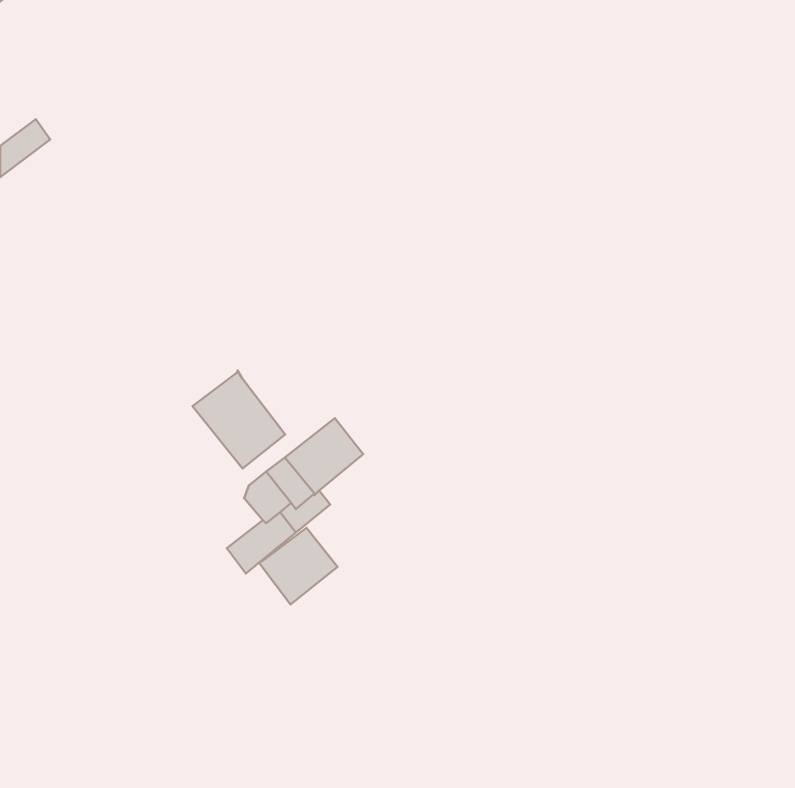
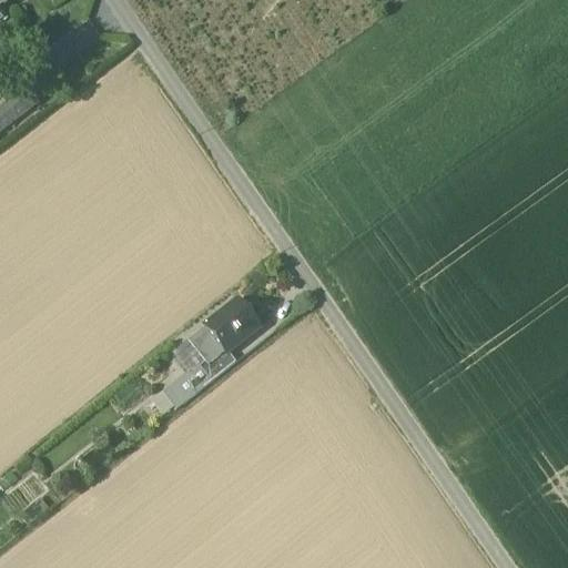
building: [192,371,285,469] -> none
building: [258,528,338,604] -> none

